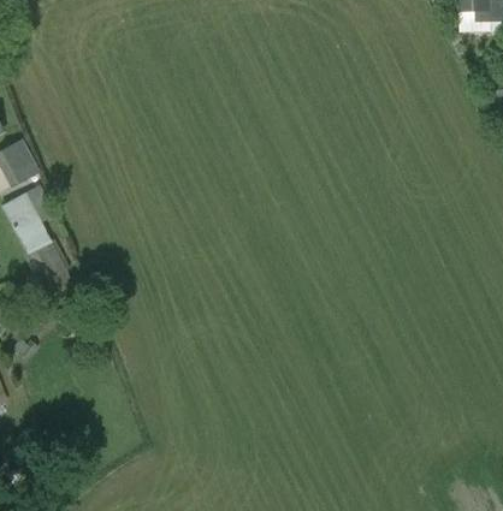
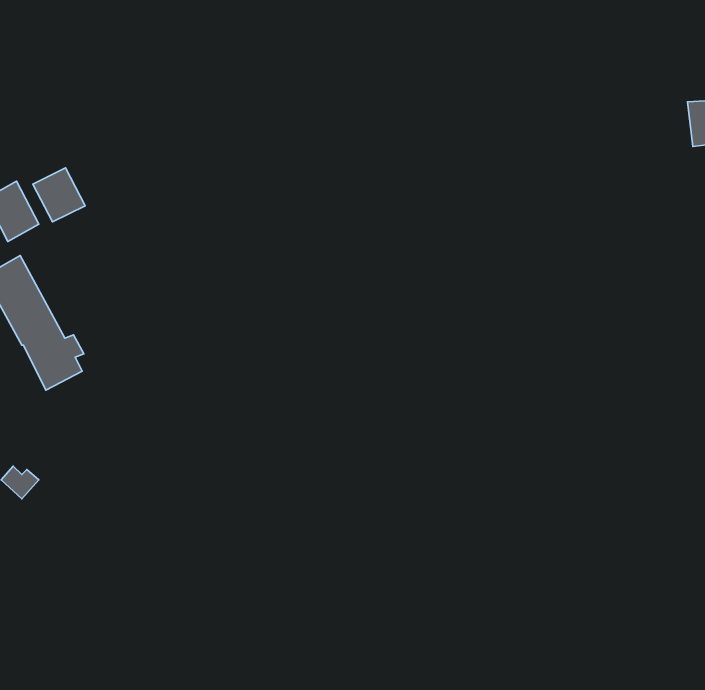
building: none -> [33,168,85,222]

